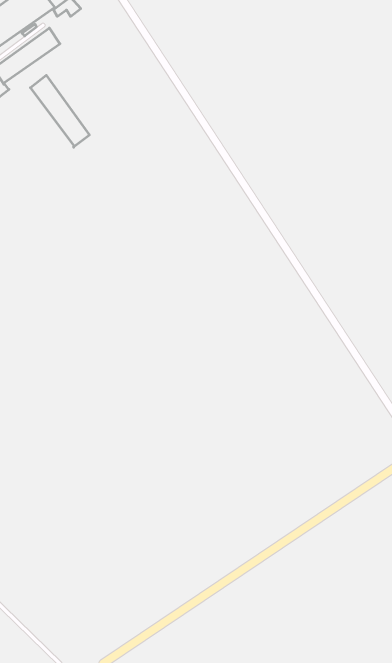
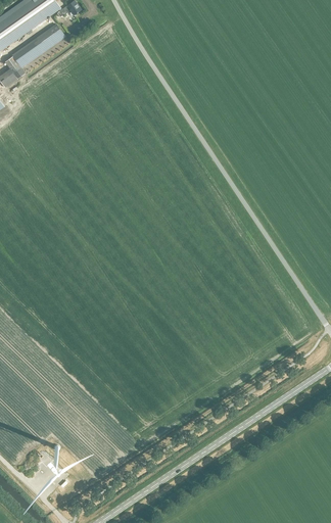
building: [30,75,89,147] -> none

